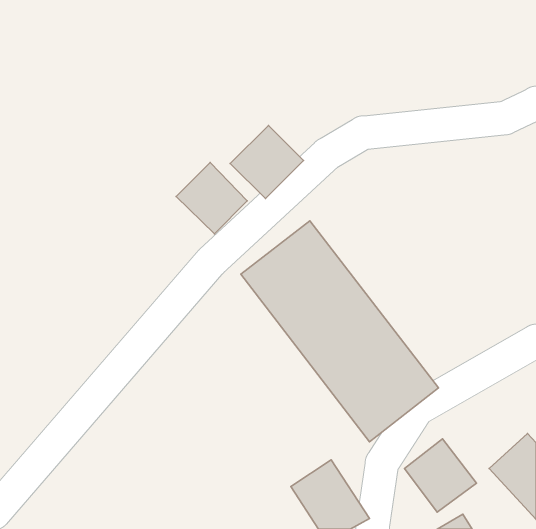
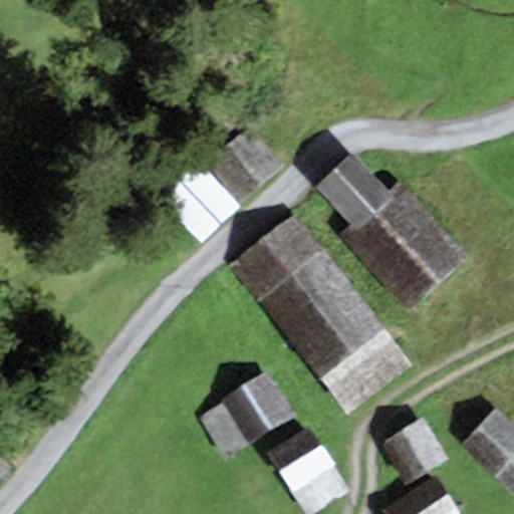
building: none -> [321,163,474,319]
building: none -> [198,366,294,457]

